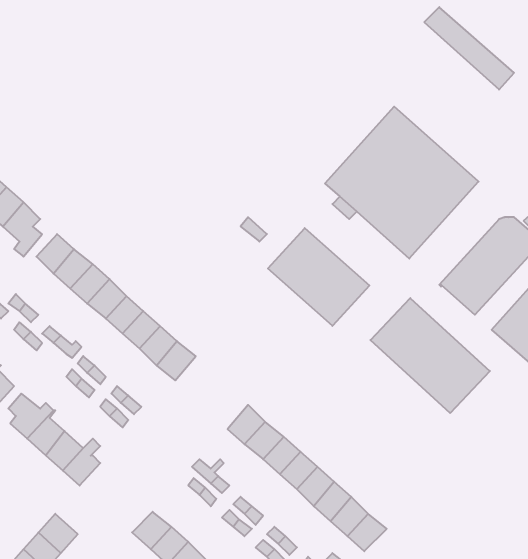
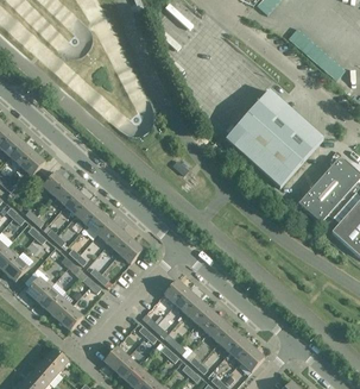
building: [268,228,369,326] -> none
building: [370,298,490,413] -> none

